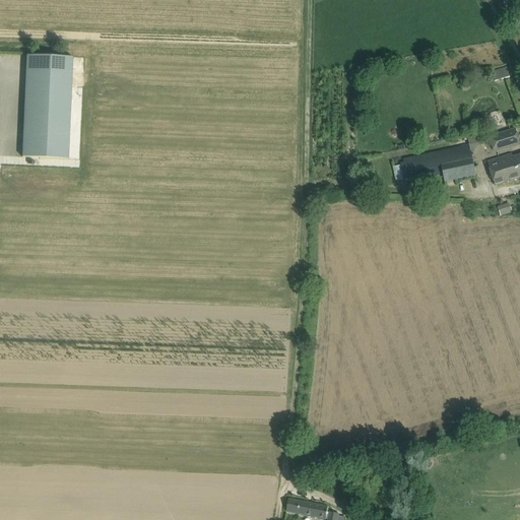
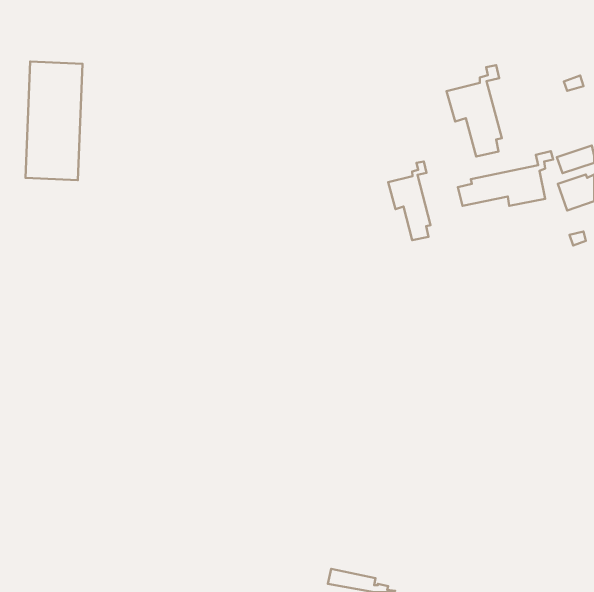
building: none -> [447,65,502,156]
building: none -> [388,161,430,240]

